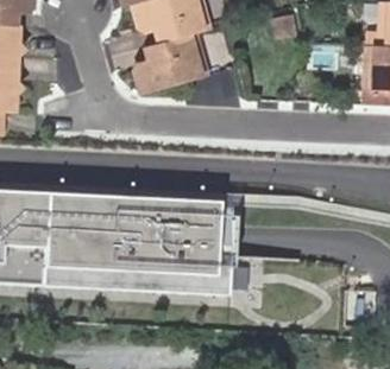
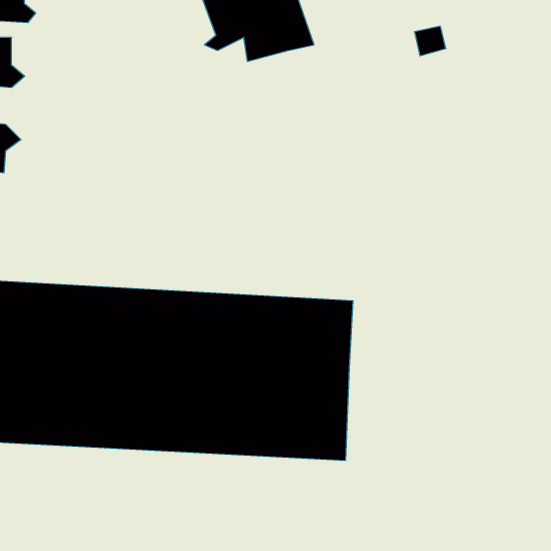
building: [136,33,207,93] -> none

